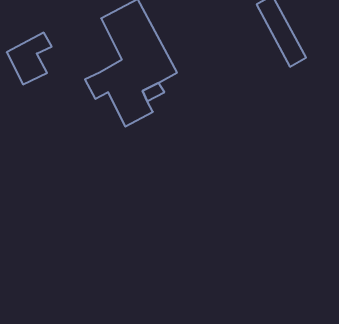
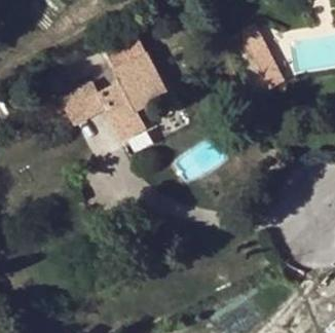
building: [7,33,52,84] -> [60,81,100,127]

